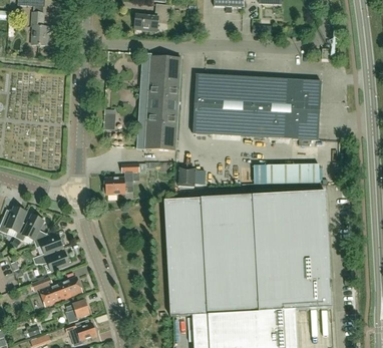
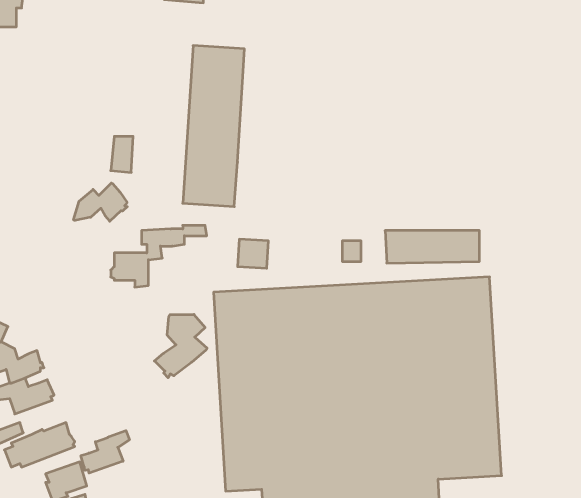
building: [193,73,322,144] -> none
building: none -> [74,183,127,221]
building: none -> [154,314,207,378]
building: none -> [81,431,129,473]

